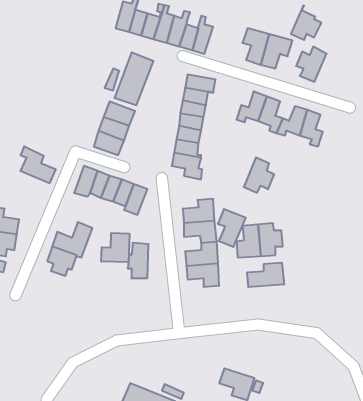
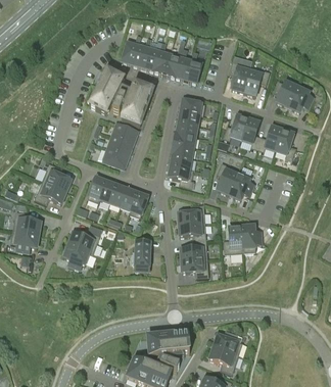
building: [291,6,321,40] -> [288,83,314,111]
building: none -> [89,68,124,113]
building: none -> [34,181,66,204]
building: [218,209,246,247] -> [216,162,239,194]
building: [101,233,129,262] -> none
building: [247,263,284,287] -> none
building: none -> [212,330,242,354]
building: none -> [146,332,189,356]

